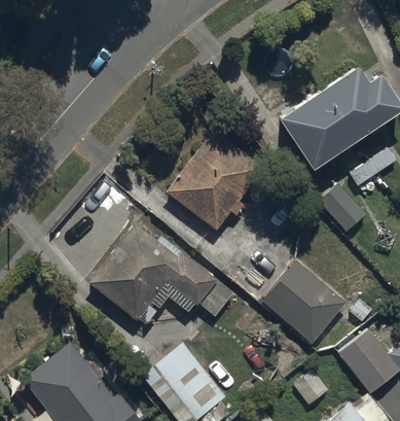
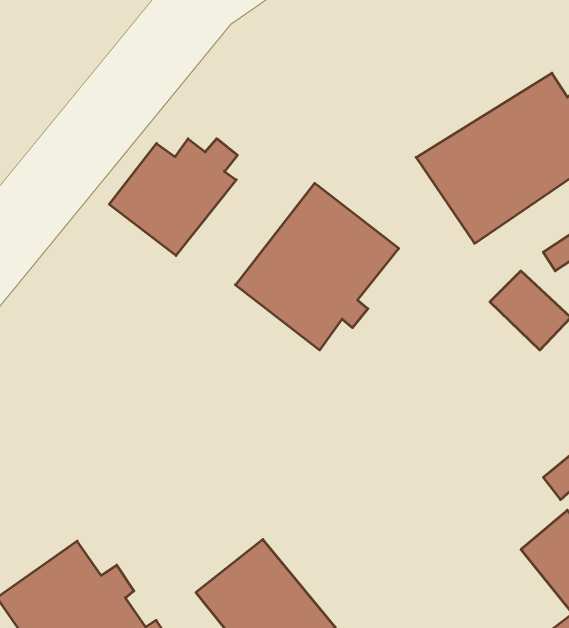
building: none -> [109,139,237,256]
building: [88,225,234,321] -> none
building: [260,260,346,344] -> none

